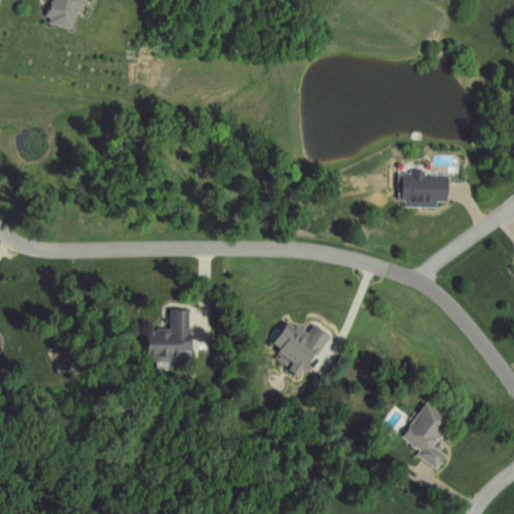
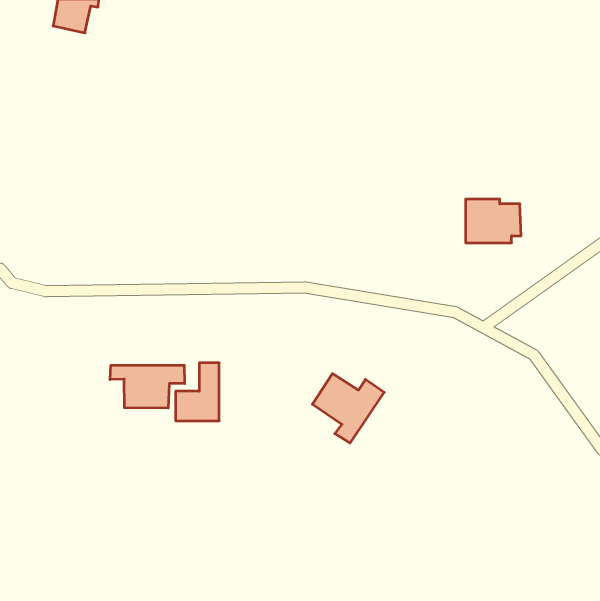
building: none -> [110,365,185,408]
building: [402,403,450,469] -> none

